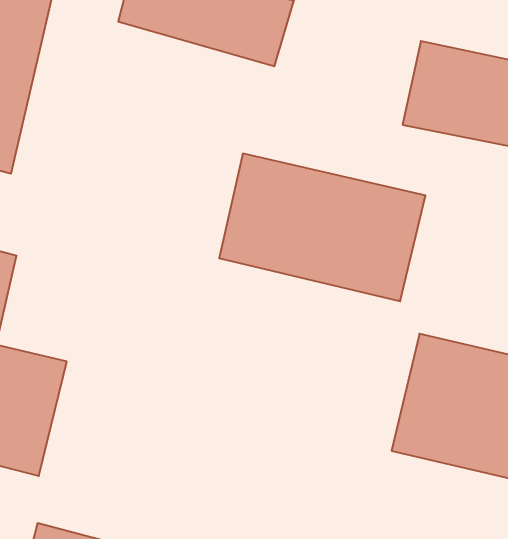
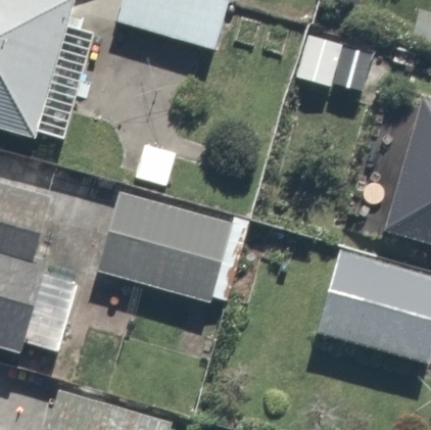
building: [219,154,425,301] -> [89,187,240,295]

